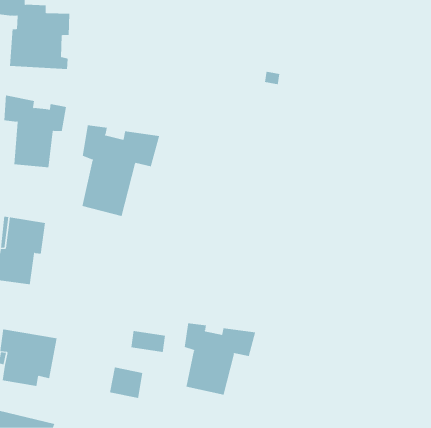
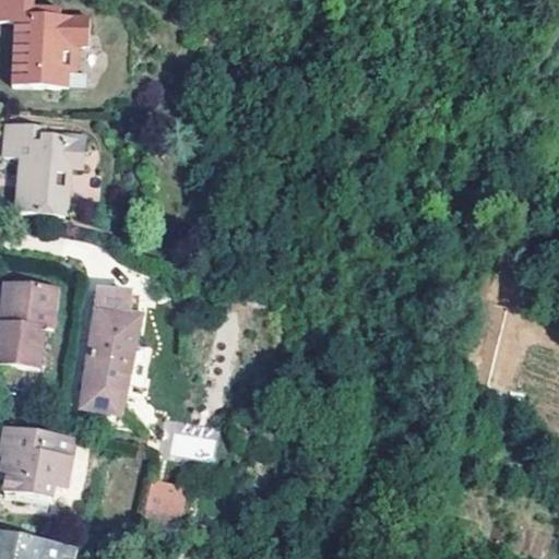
building: [82,124,160,217] -> none
building: none -> [81,289,140,413]
building: [184,322,256,396] -> none

